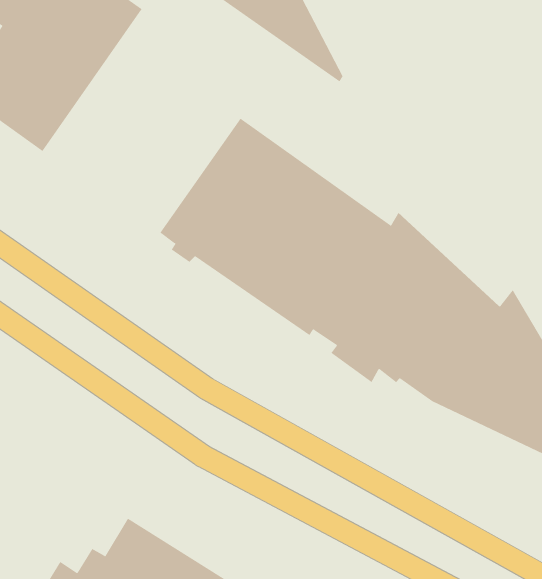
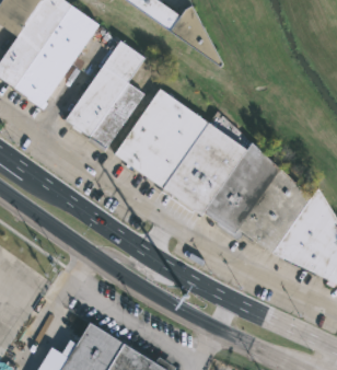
building: none -> [66,38,147,148]

